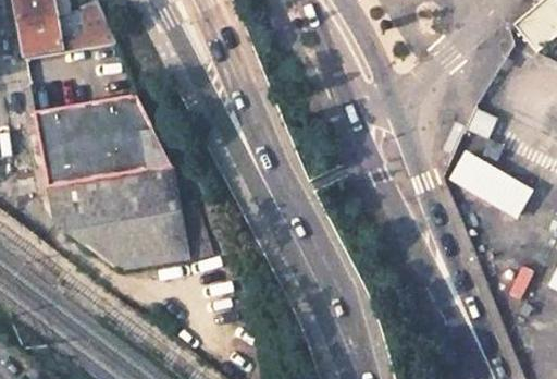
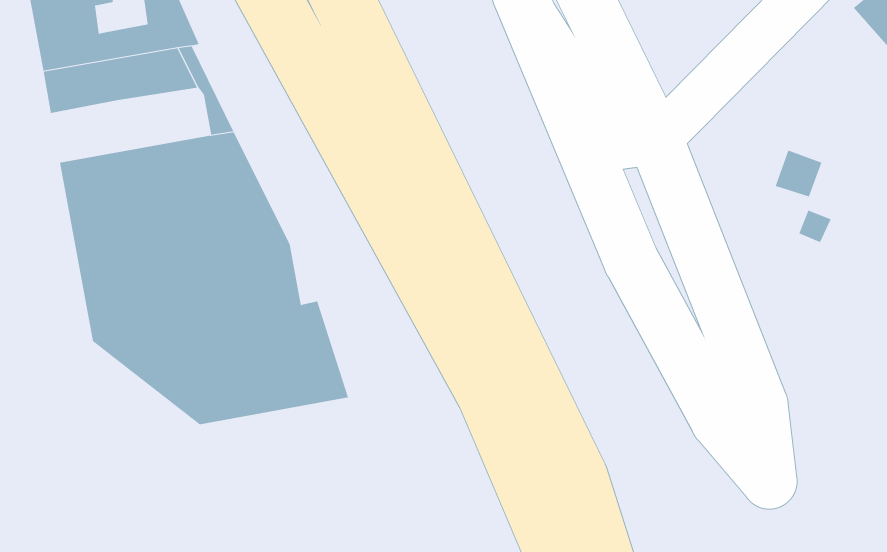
building: [448,154,524,207] -> none

